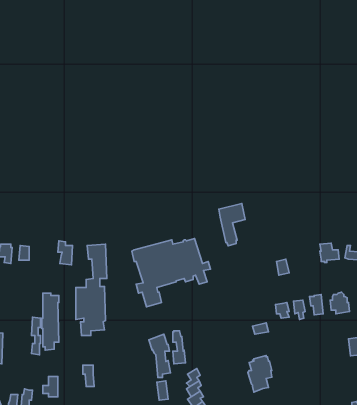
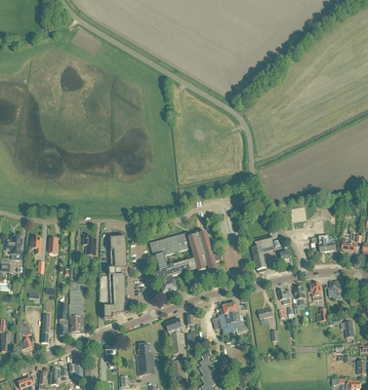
building: [219,204,245,246] -> [250,235,274,273]
building: [248,356,272,392] -> [218,302,240,335]
building: none -> [136,344,155,376]

